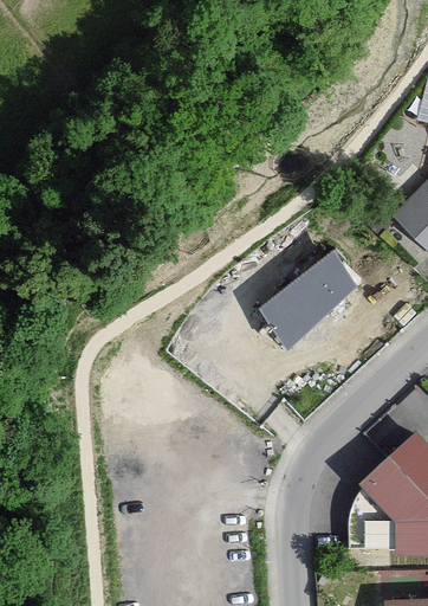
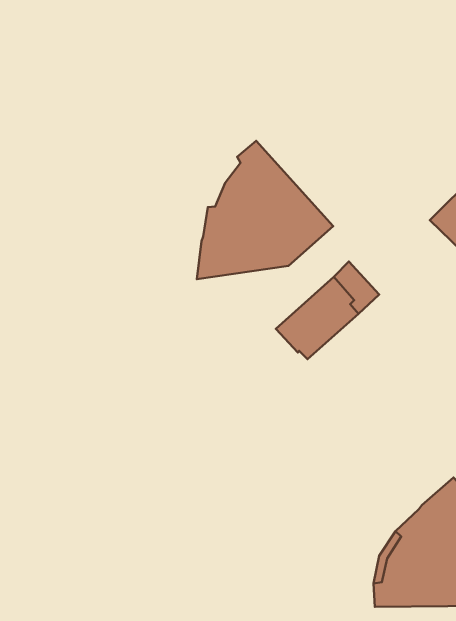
building: none -> [197,141,333,279]

